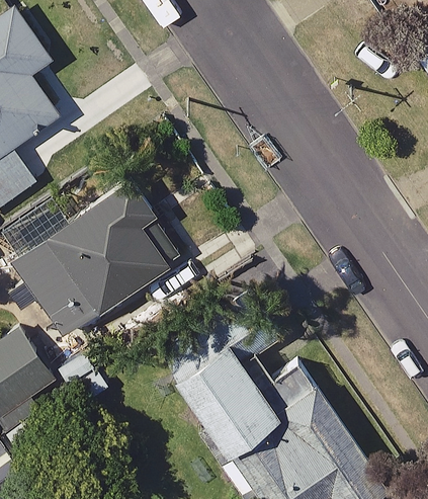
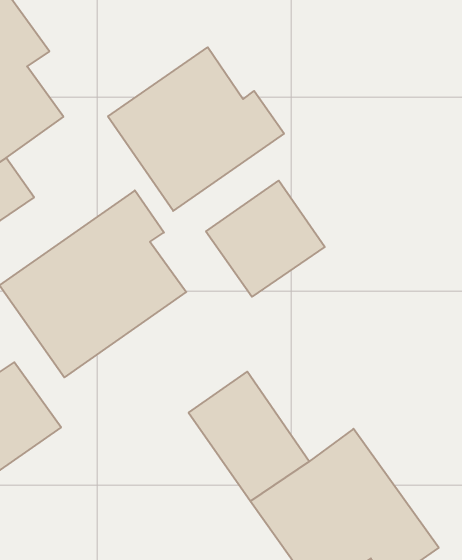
building: none -> [108,47,284,211]
building: none -> [206,181,325,297]

